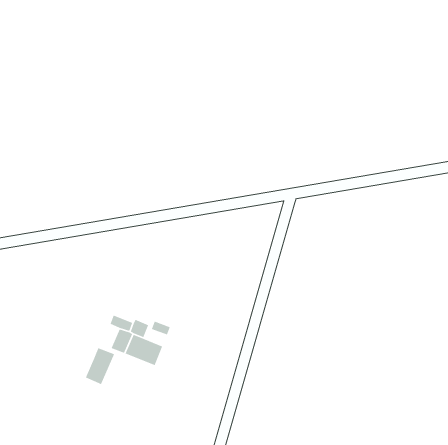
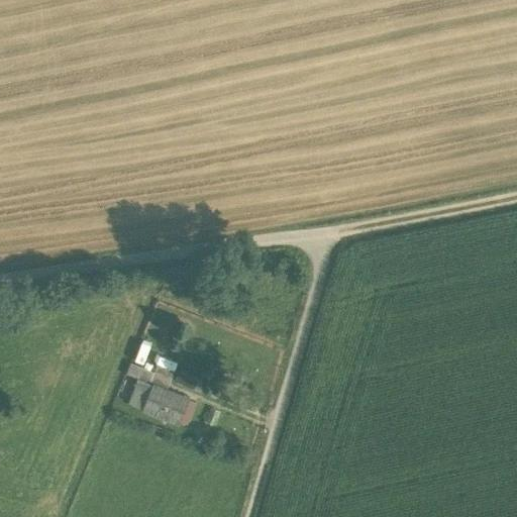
building: [85,347,115,385] -> none

